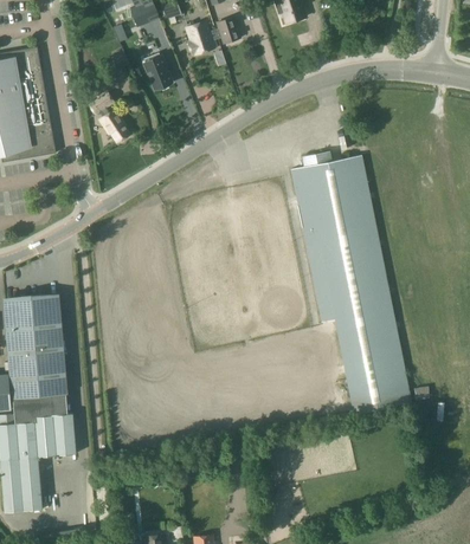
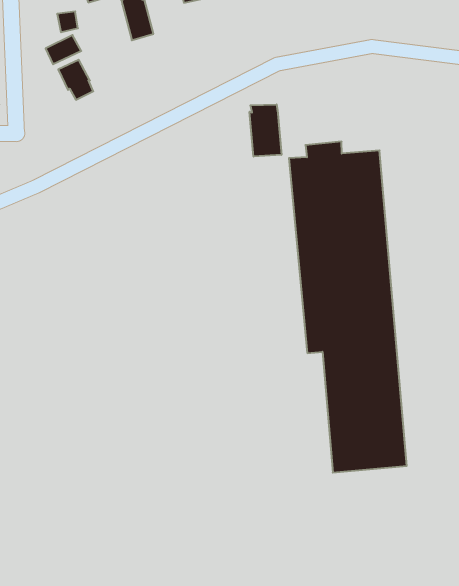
building: none -> [250,104,281,157]

